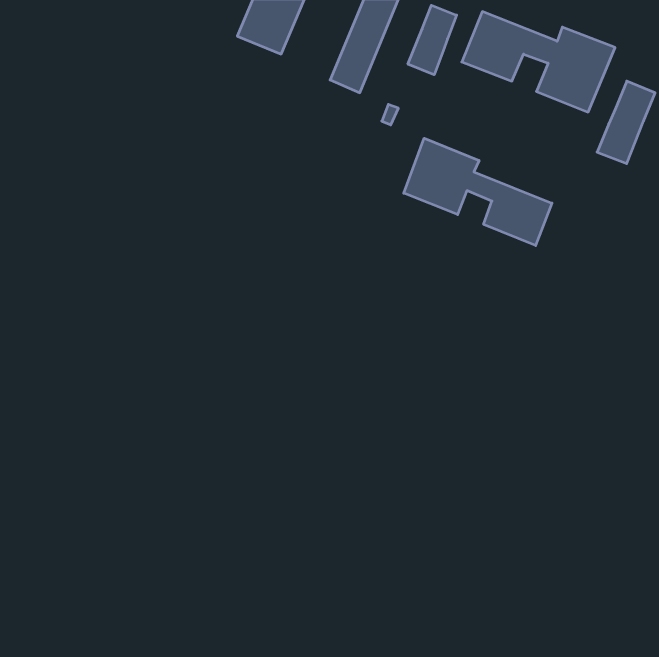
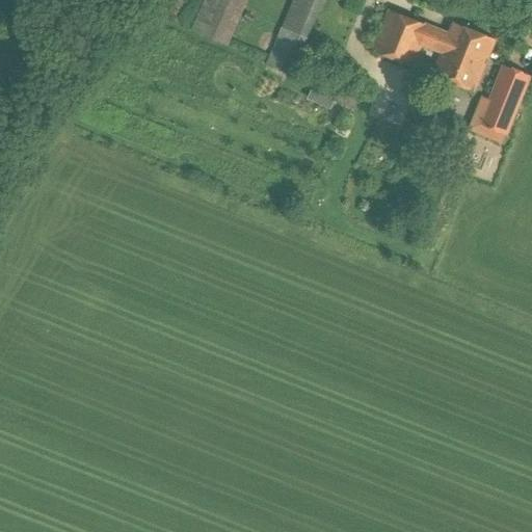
building: [408,5,457,75] -> none
building: [404,138,552,246] -> none

